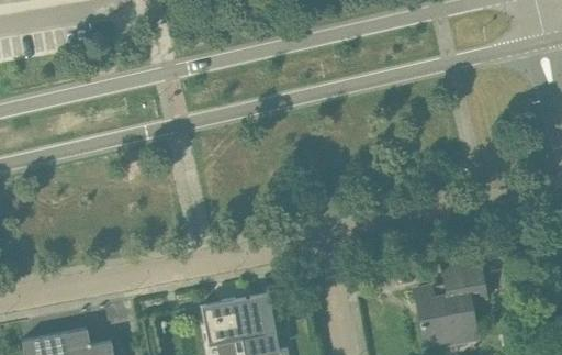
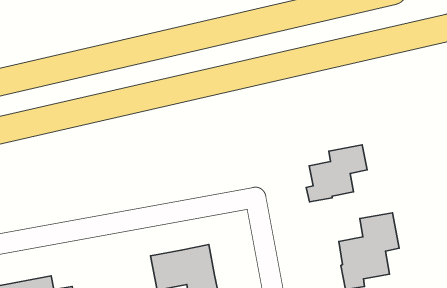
building: none -> [306,145,367,202]

